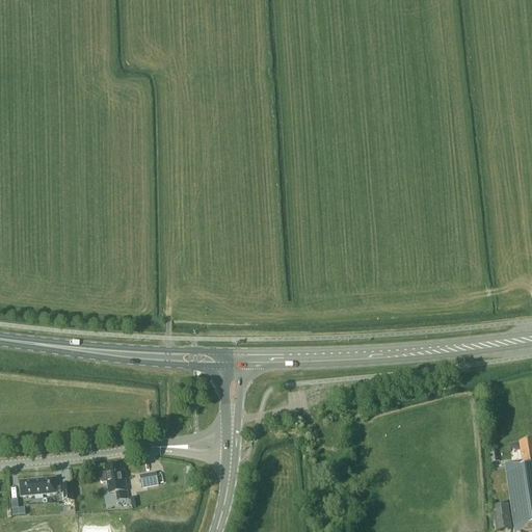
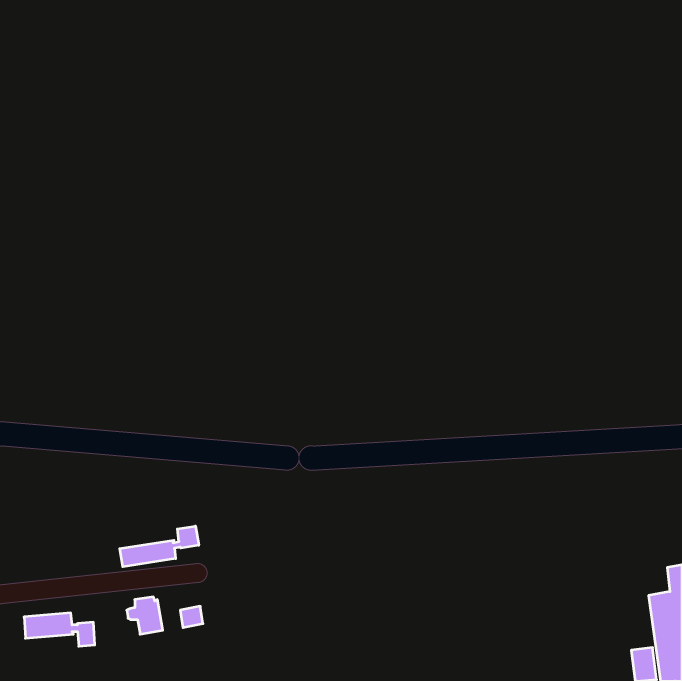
building: none -> [120,526,199,567]

